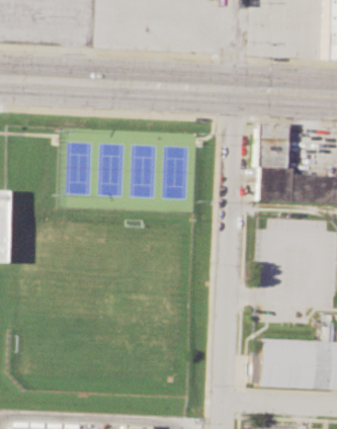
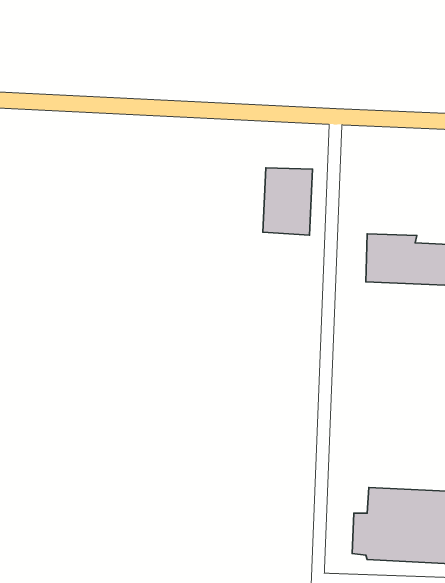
building: [259,123,292,169] -> [263,168,312,235]

